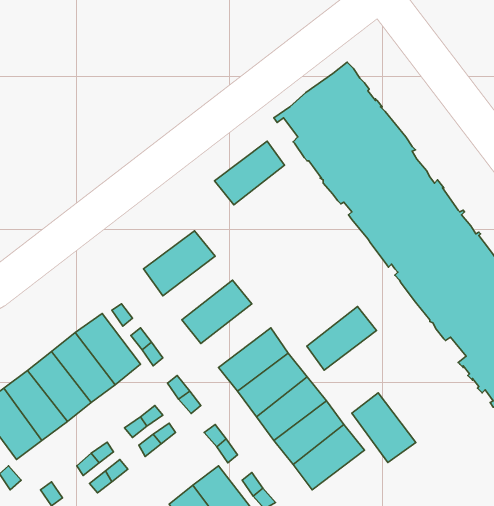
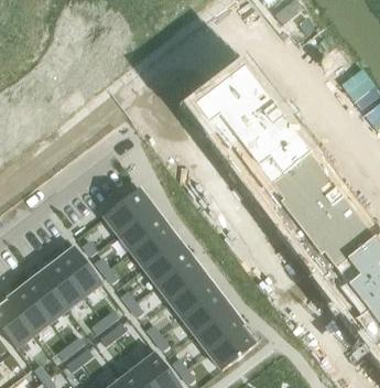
building: [215,141,285,205] -> [118,206,166,250]
building: [307,307,377,370] -> [144,239,193,283]
building: [352,393,416,463] -> none

